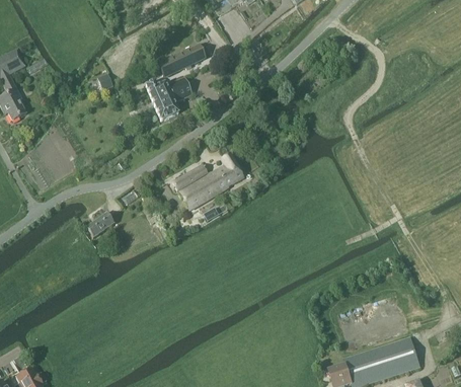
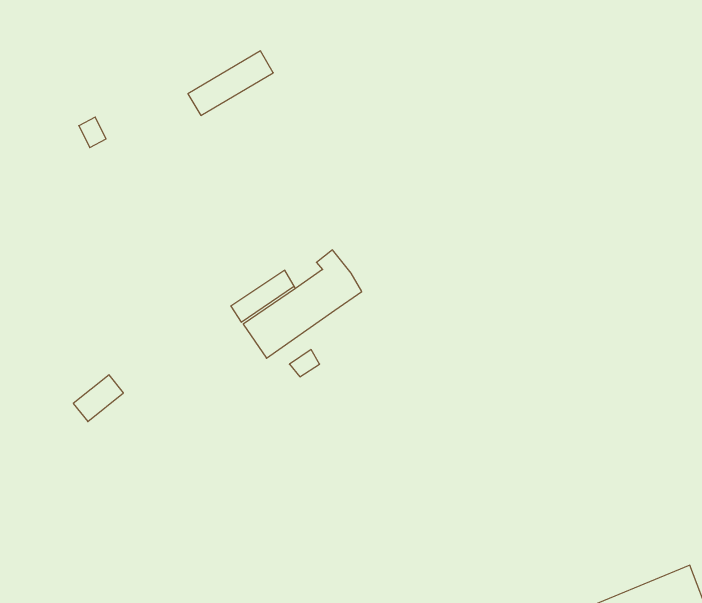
building: [145,76,191,120] -> none

